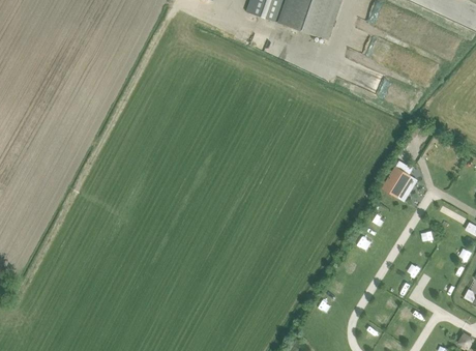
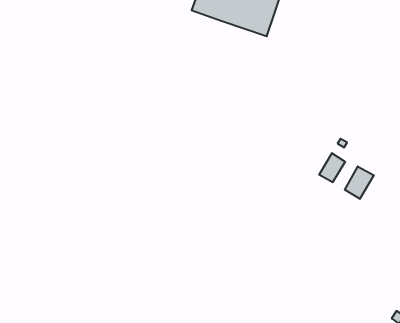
building: none -> [345,166,374,199]

